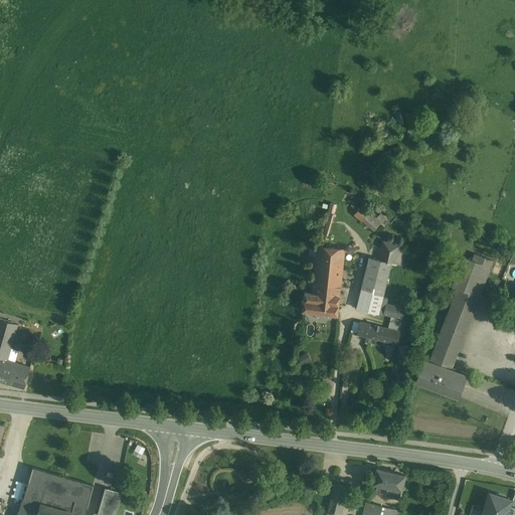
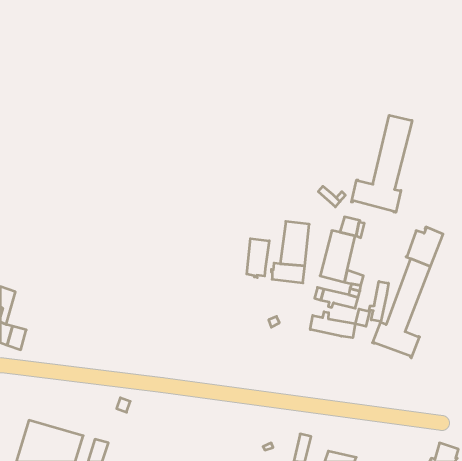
building: none -> [351,115,412,212]
building: none -> [247,239,269,278]
building: none -> [369,281,388,321]
building: none -> [310,312,355,338]
building: [373,470,404,500] -> none

